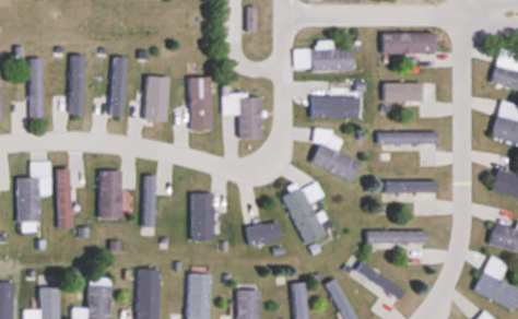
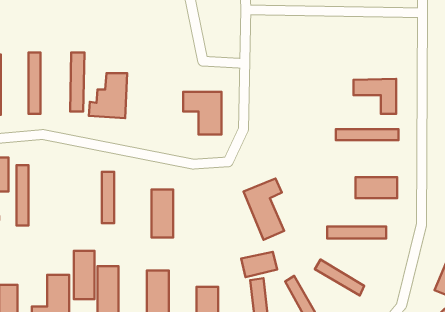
building: [382,33,436,55] -> none
building: [311,48,352,71] -> none
building: [190,78,211,131] -> none
building: [311,97,361,119] -> none
building: [310,128,361,182] -> none
building: [101,172,121,220] -> [74,251,95,299]
building: [246,222,282,247] -> [241,252,277,277]

